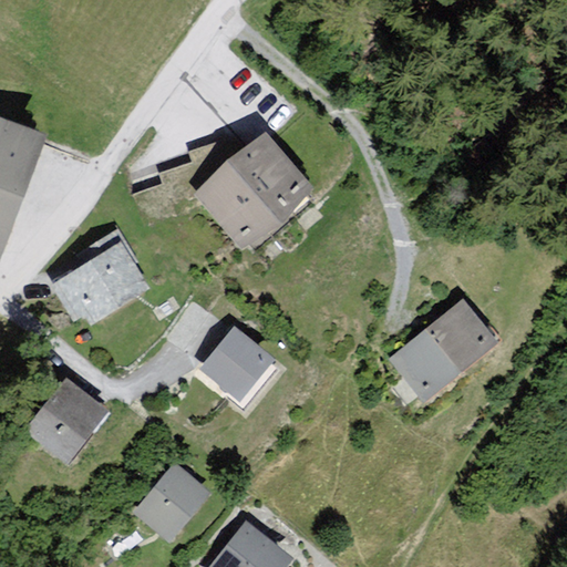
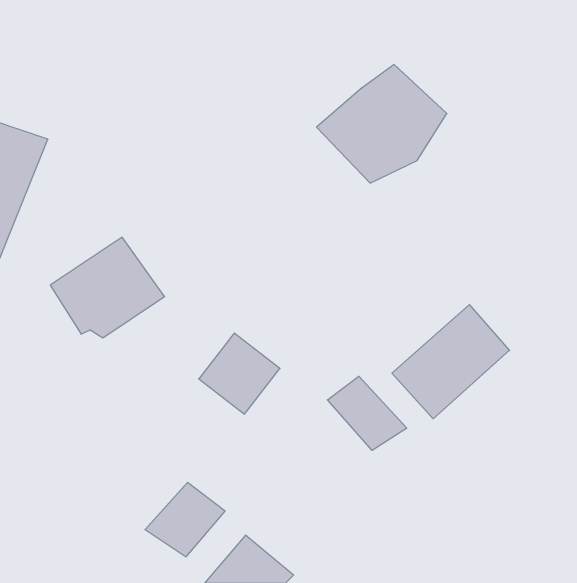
building: [202,135,328,250] -> [317,65,447,183]
building: none -> [327,376,407,450]
building: [21,379,101,461] -> none

